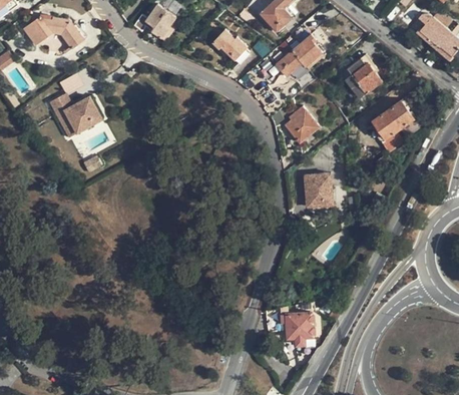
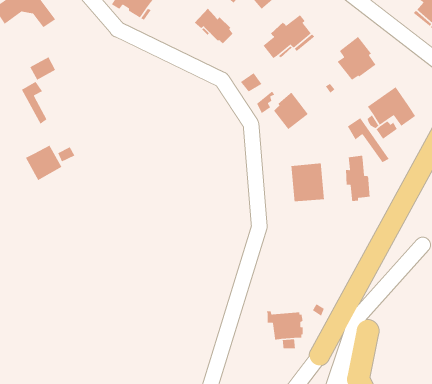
building: [63,98,98,132] -> [25,145,63,181]
building: none -> [347,117,390,163]
building: none -> [345,155,371,202]

